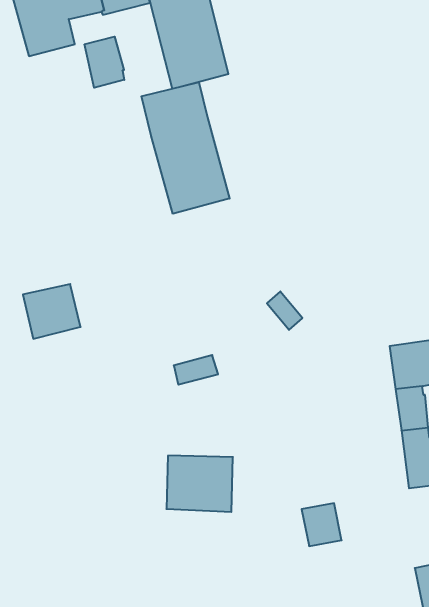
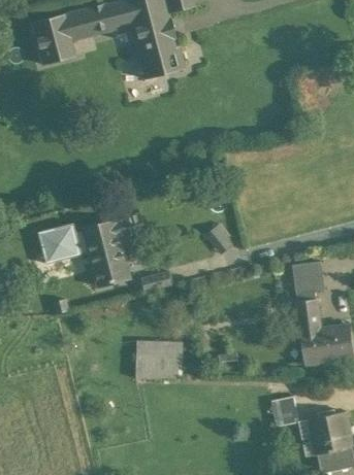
building: [85,37,124,88] -> none
building: [141,82,230,214] -> none
building: none -> [85,213,147,286]
building: [302,503,342,546] -> [272,397,300,427]

